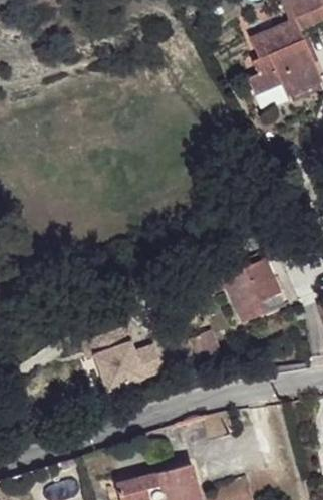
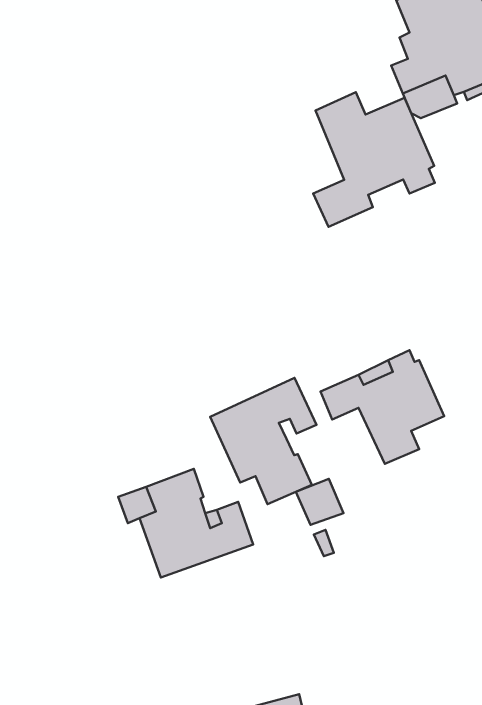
building: none -> [313,92,435,227]
building: none -> [210,378,316,504]

